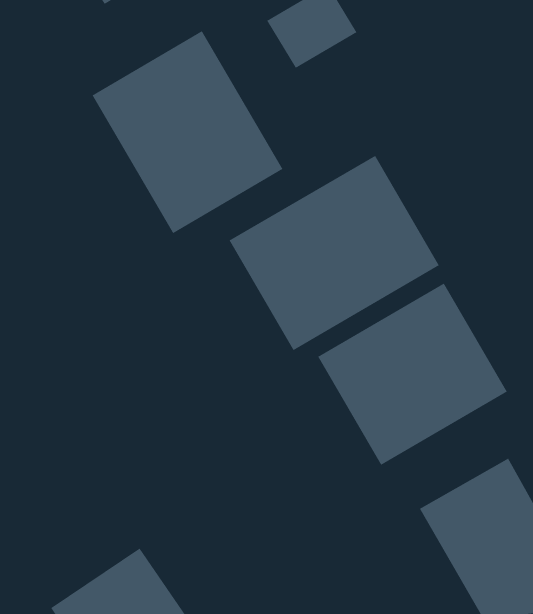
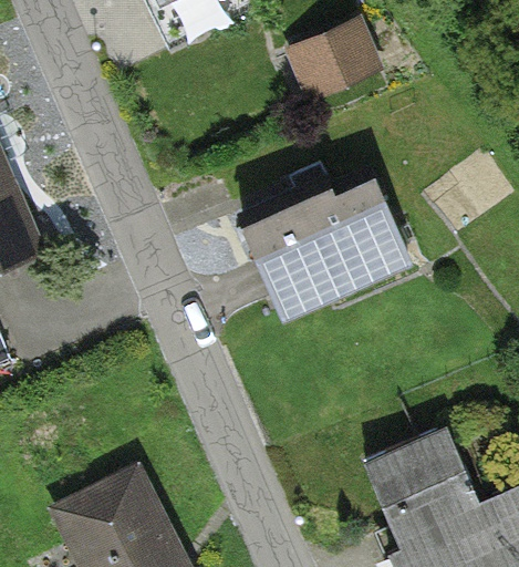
building: [91,30,284,234] -> none
building: [317,282,508,466] -> none

